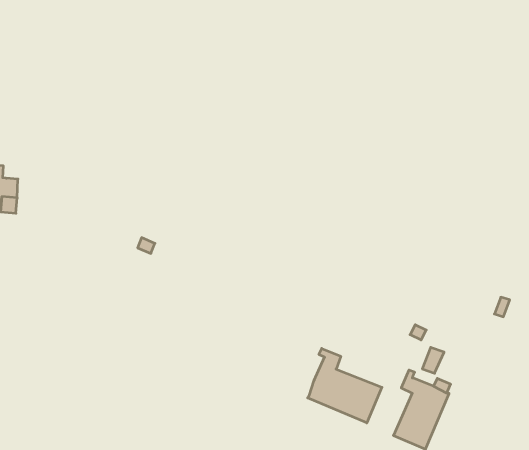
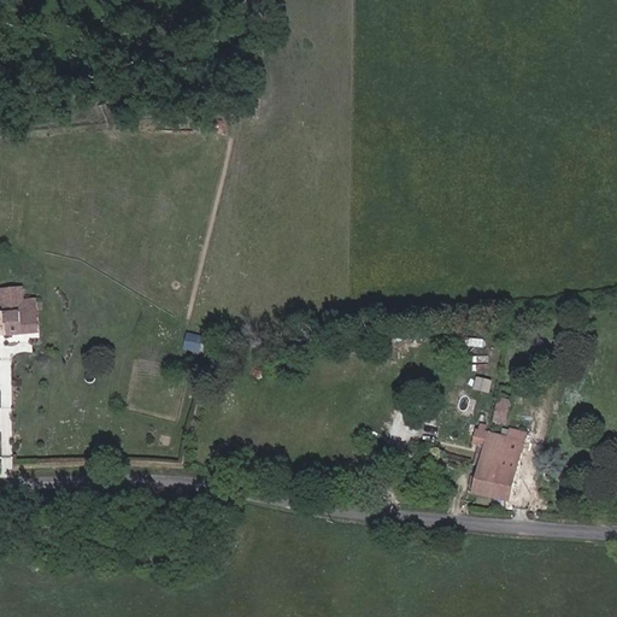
building: [308,348,382,423] -> none

